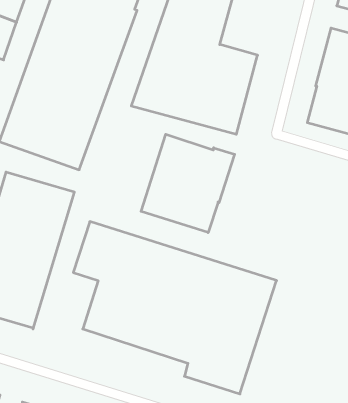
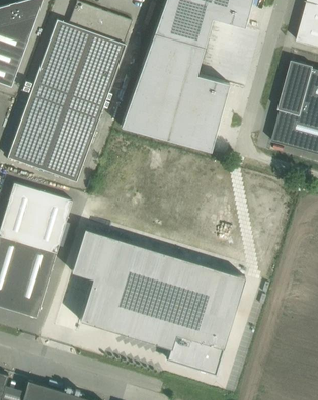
building: [141,134,235,233] -> none

